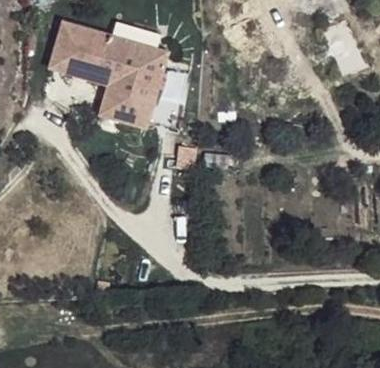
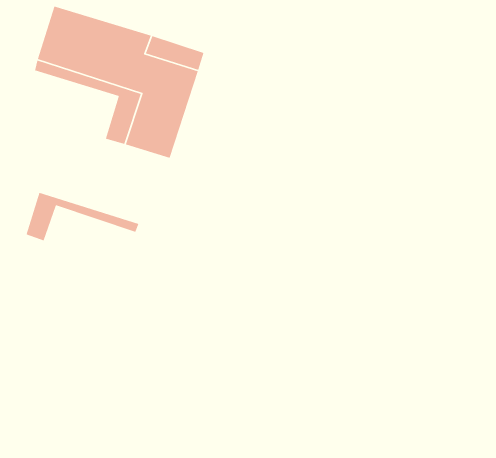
building: none -> [26,192,140,242]

